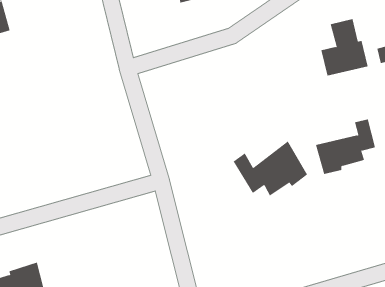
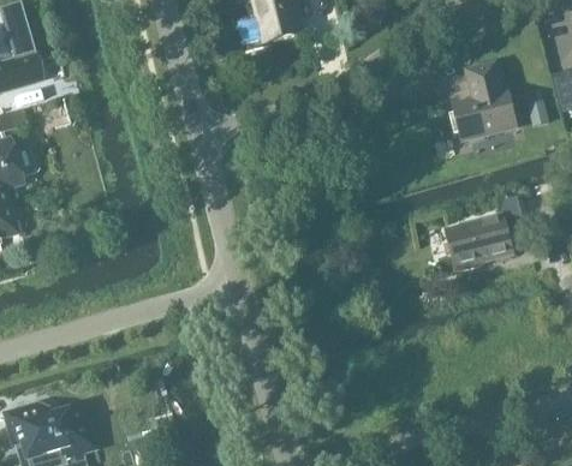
building: [233,141,308,196] -> none

